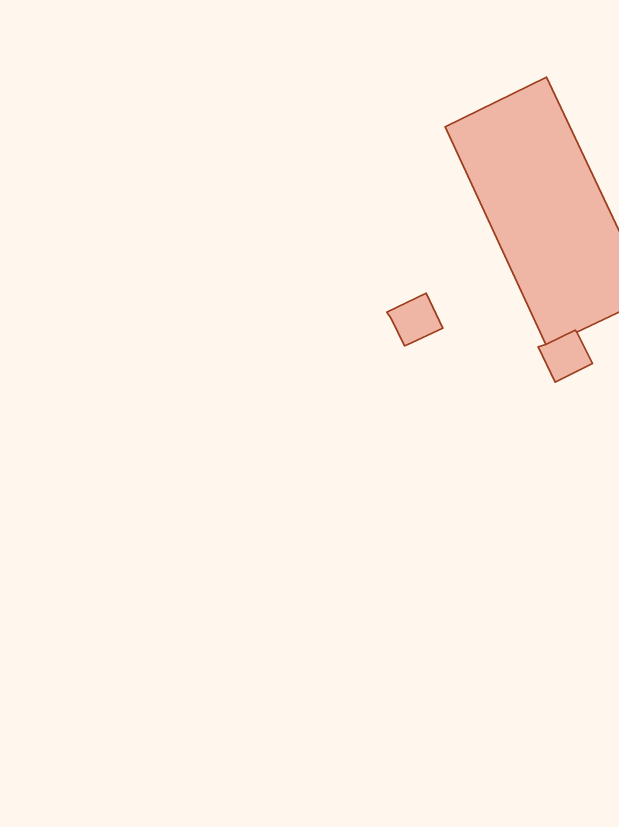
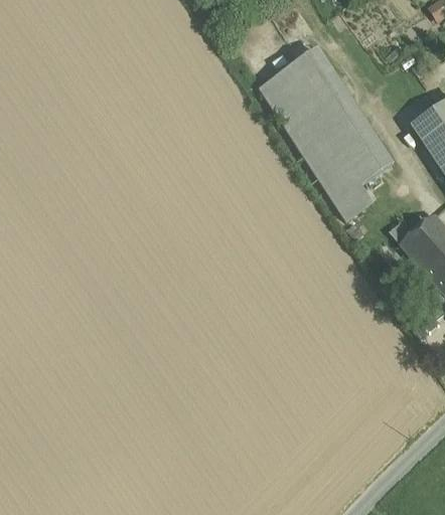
building: [387,293,443,346] -> none

